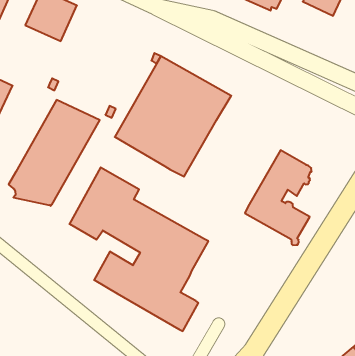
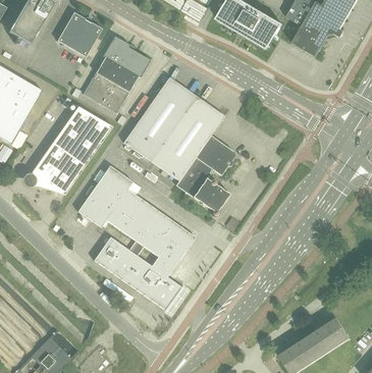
building: none -> [83,35,150,112]
building: [245,150,312,245] -> [175,135,234,215]

